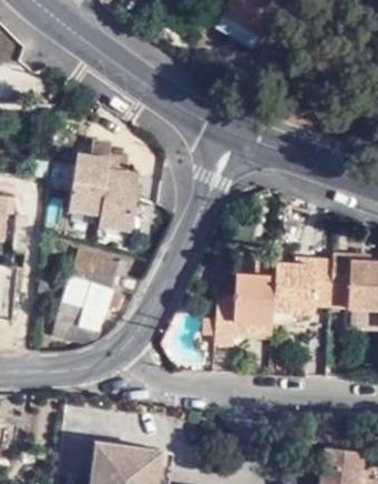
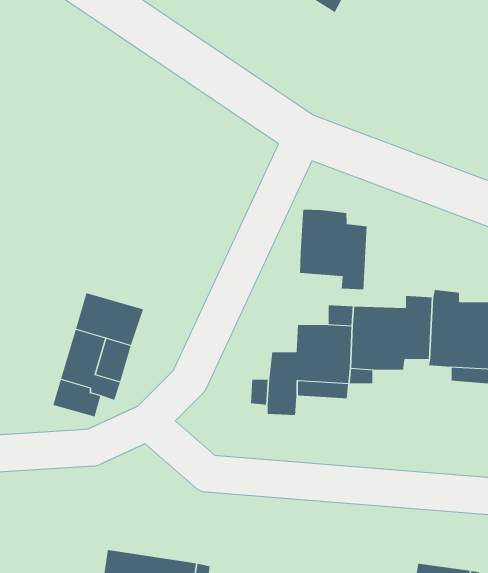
building: [68,140,139,232] -> none
building: none -> [300,209,367,290]

